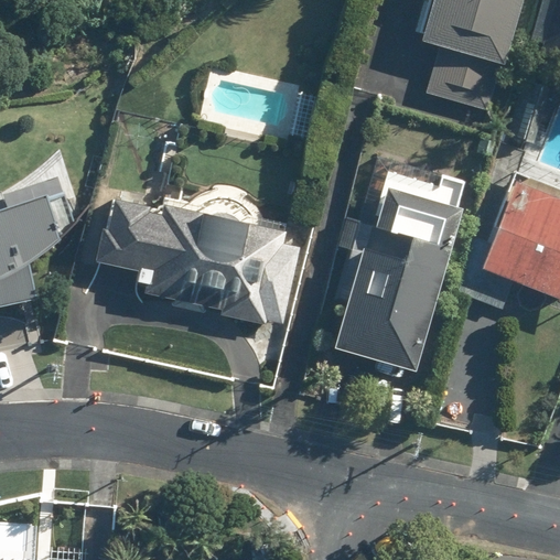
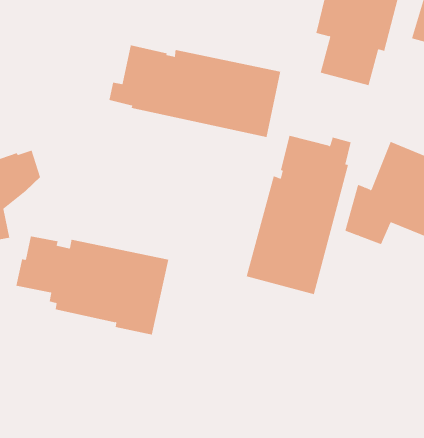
building: none -> [109,44,281,138]
building: [95,198,288,323] -> [15,236,169,335]

